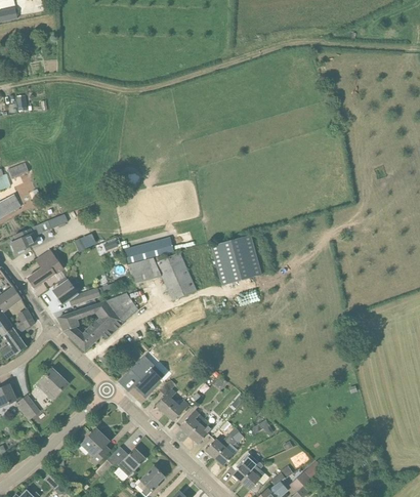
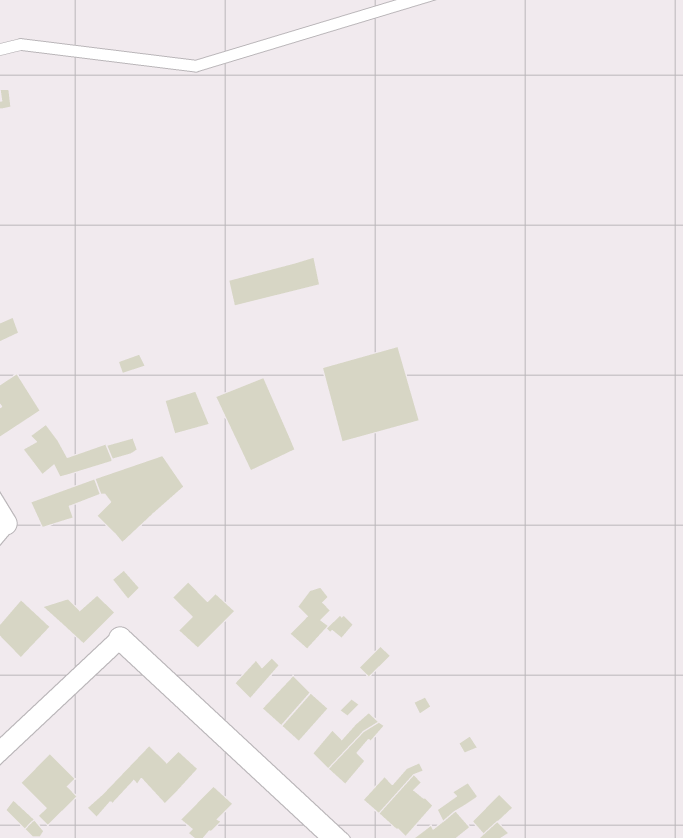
building: [124,237,172,262] -> [228,257,320,306]
building: [62,325,100,350] -> [43,595,115,644]
building: [155,380,176,413] -> [290,587,331,649]
building: [80,428,110,466] -> [21,754,77,826]

